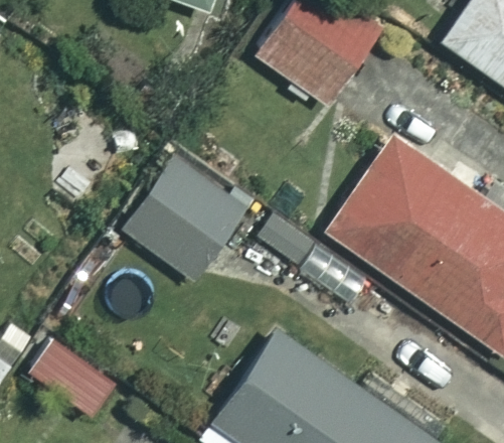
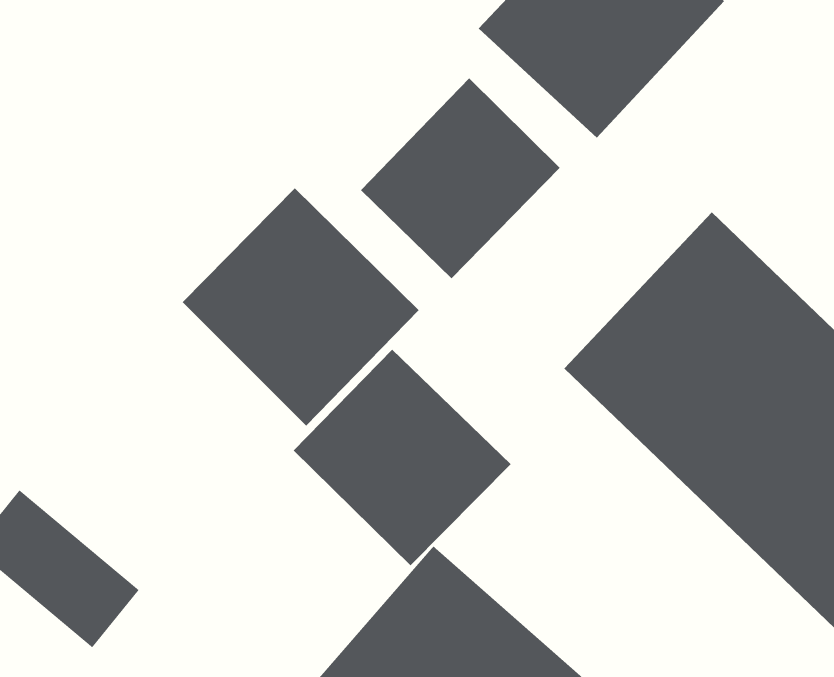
building: none -> [360,77,560,279]
building: none -> [293,349,511,566]

